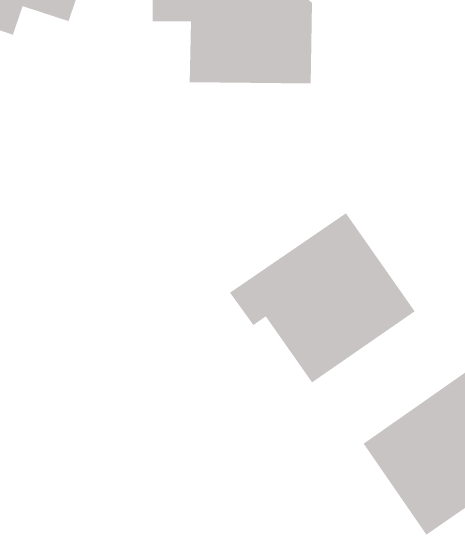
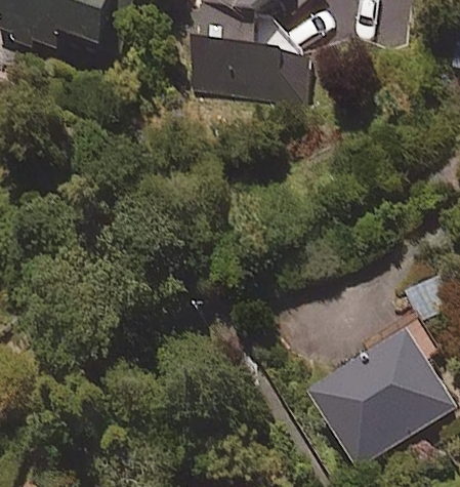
building: [229,212,416,384] -> none

